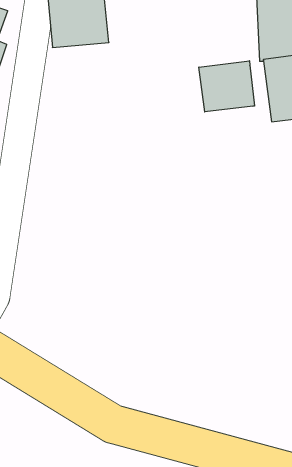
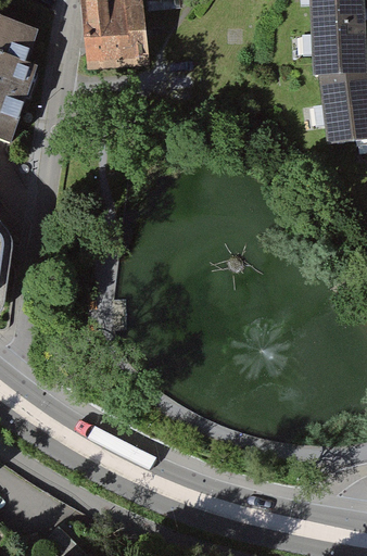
building: [199,61,255,112] -> none

